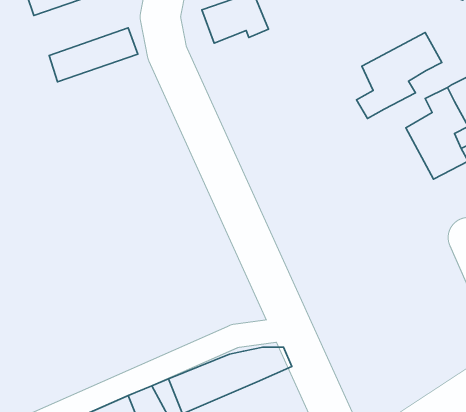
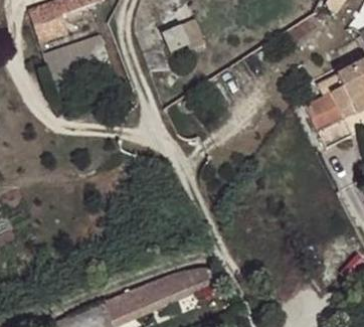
building: [357,33,442,118] -> none

